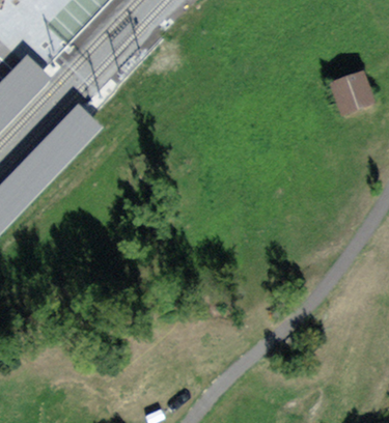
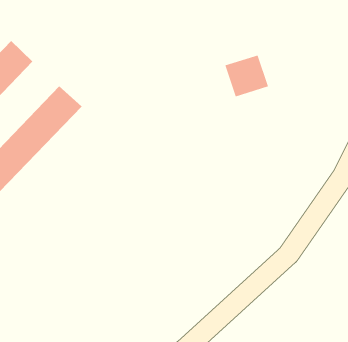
building: [326,69,373,115] -> [224,55,269,97]

